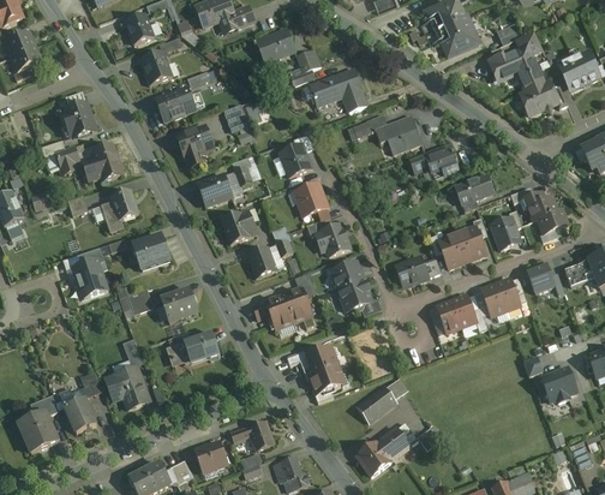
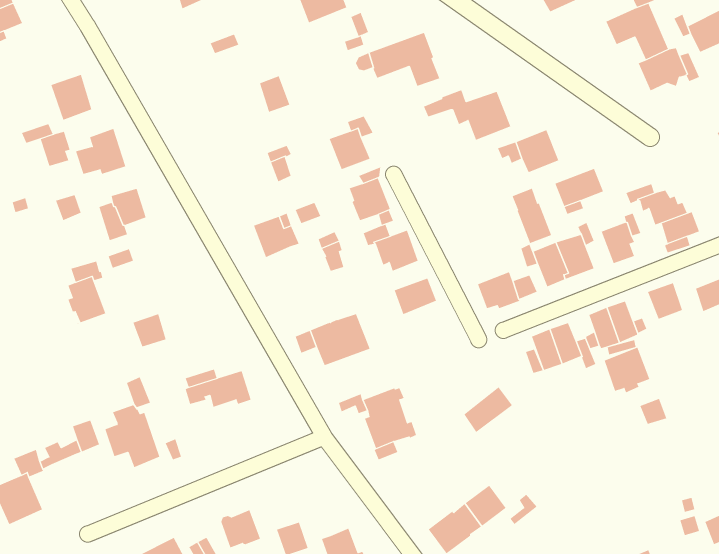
building: [140,52,172,85] -> none
building: [155,87,196,123] -> none
building: [176,126,214,169] -> none
building: [198,174,232,207] -> none
building: none -> [512,188,552,244]
building: [133,235,170,269] -> none
building: [247,248,277,278] -> none
building: [337,279,372,311] -> none
building: [162,290,199,323] -> none
building: [541,366,577,402] -> [604,347,650,393]
building: [358,386,396,422] -> [463,387,513,433]
building: [65,398,96,433] -> none
building: [230,422,274,449] -> none

